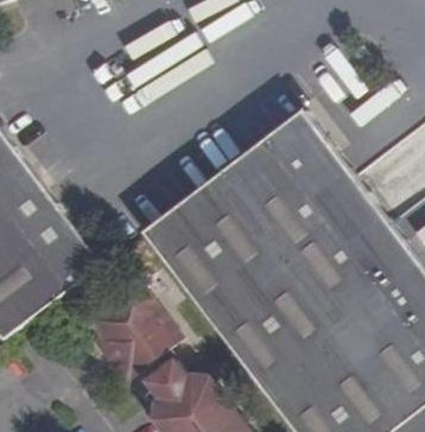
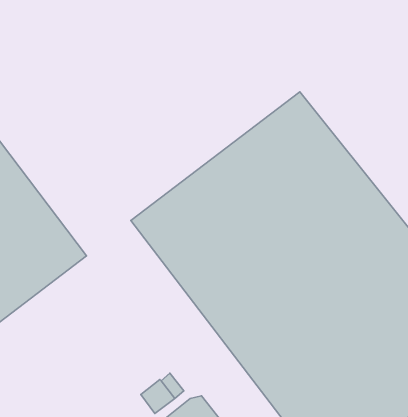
building: [93,293,186,389] -> none

